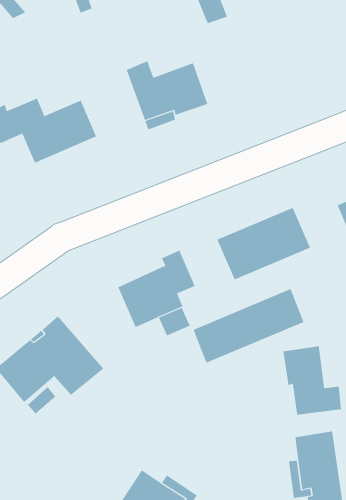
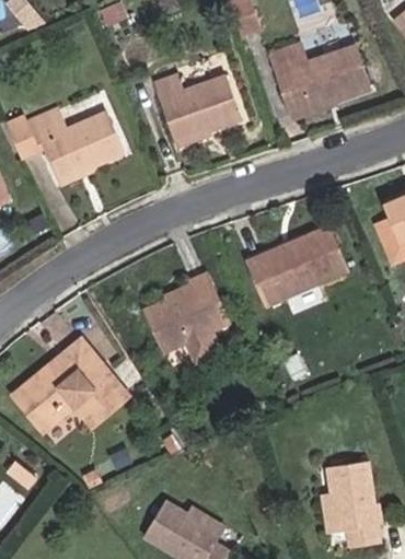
building: none -> [270,44,368,114]
building: [193,288,304,364] -> none
building: [283,346,341,415] -> none

